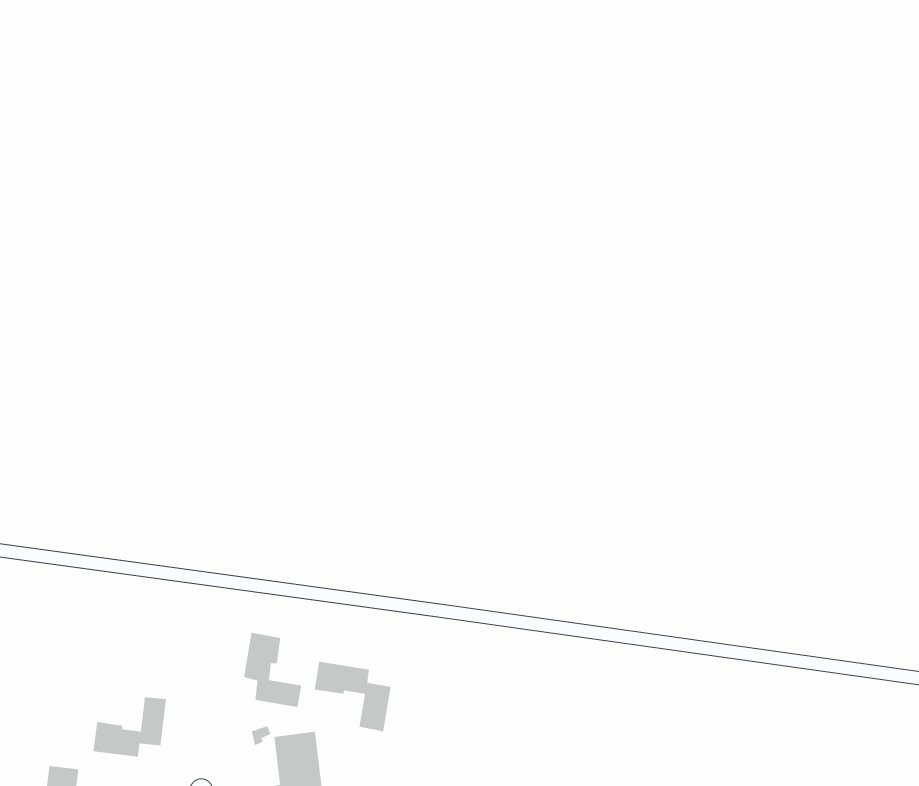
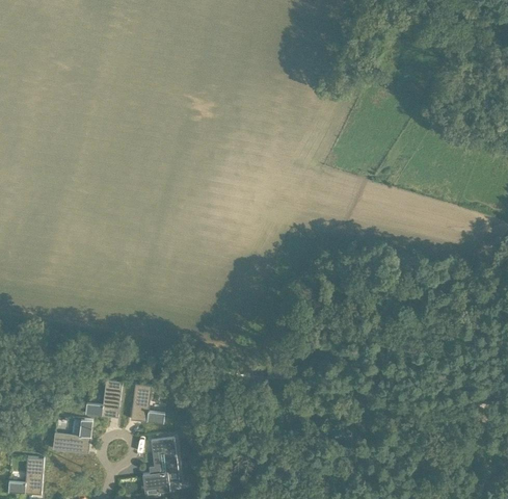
building: none -> [84,379,122,417]
building: [314,661,391,732] -> none

